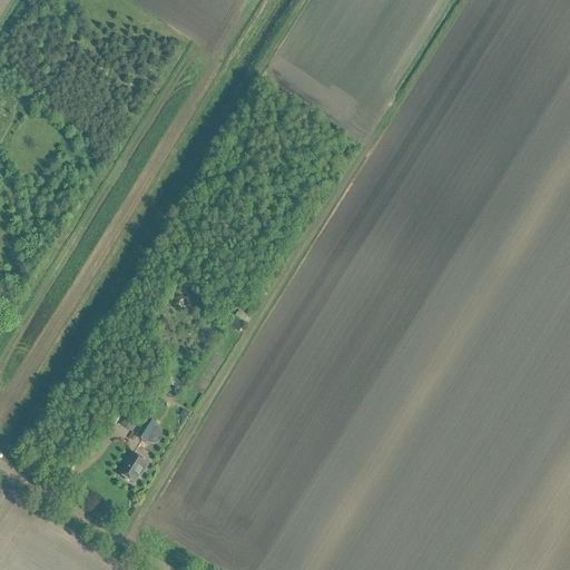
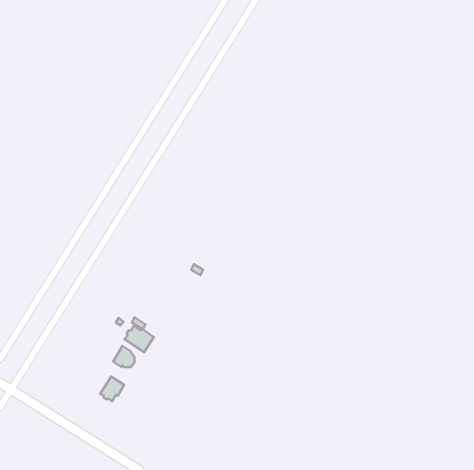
building: none -> [125,326,154,352]

